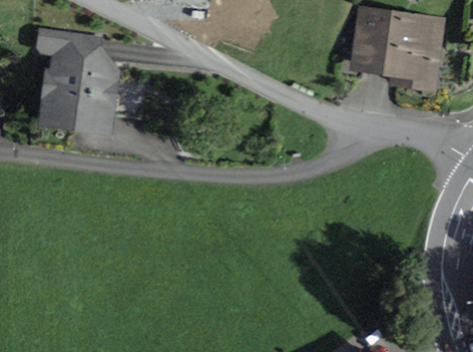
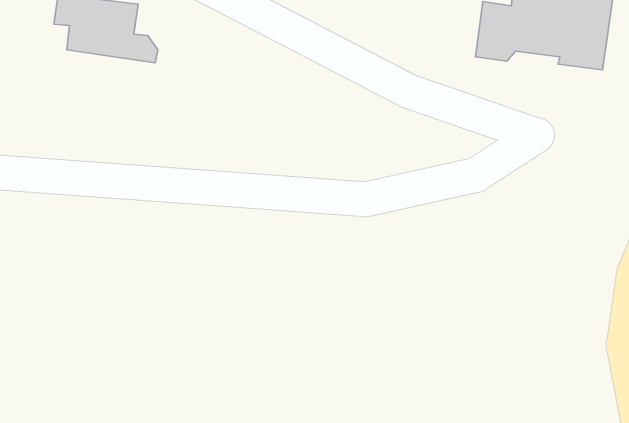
building: [44,70,144,125] -> none

